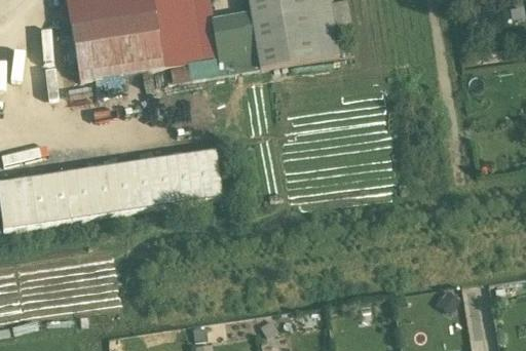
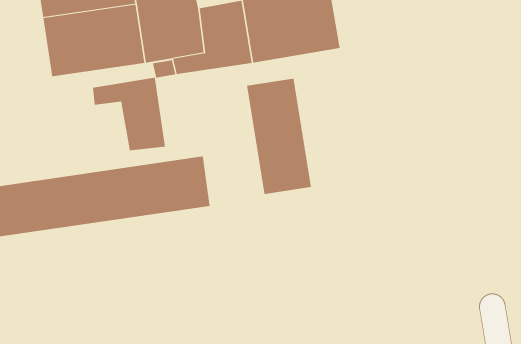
building: none -> [92,77,166,151]
building: none -> [246,78,312,195]

